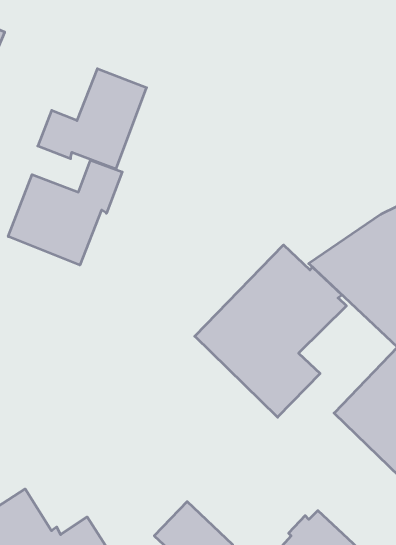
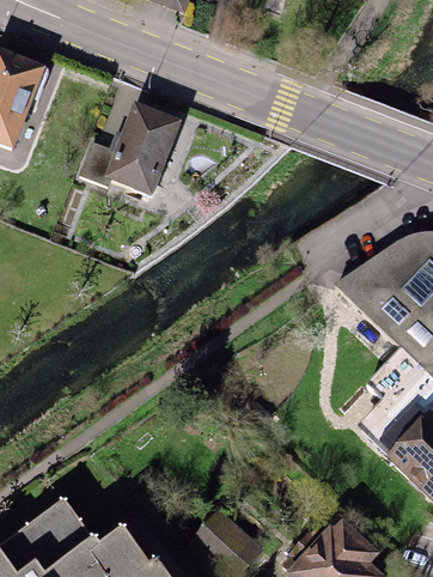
building: [8,160,122,265] -> none
building: [195,245,346,417] -> none

